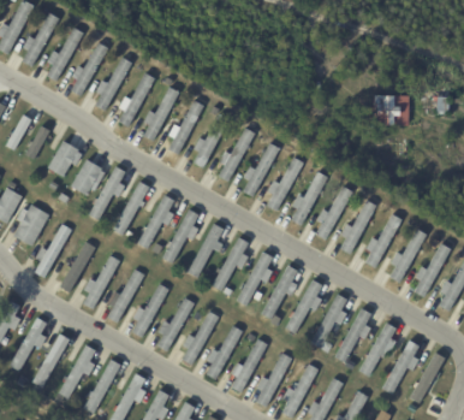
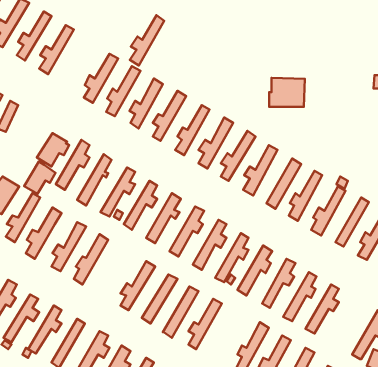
building: [94,57,131,111] -> [130,15,164,65]
building: [369,93,408,124] -> [269,78,305,107]
building: [47,141,81,176] -> [24,162,55,194]
building: [132,283,168,337] -> none
building: [380,339,417,395] -> none
building: [255,353,291,407] -> none

